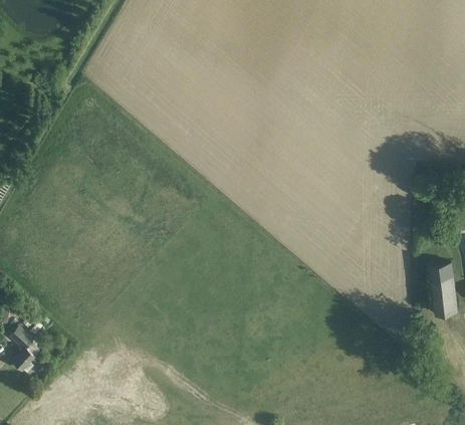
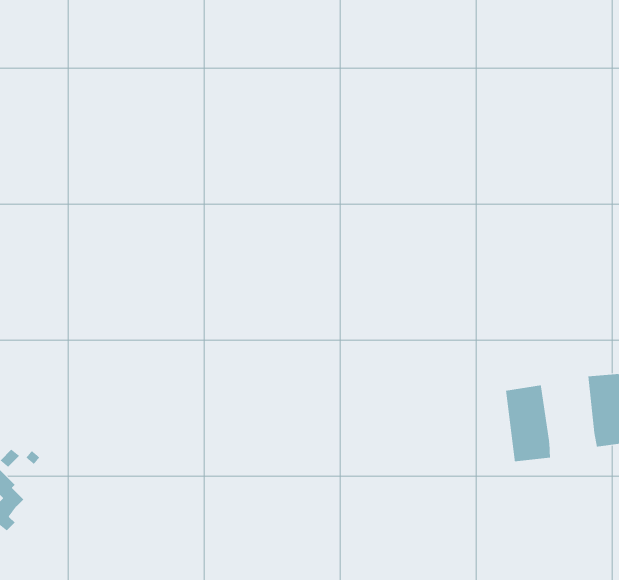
building: none -> [506,385,550,462]

